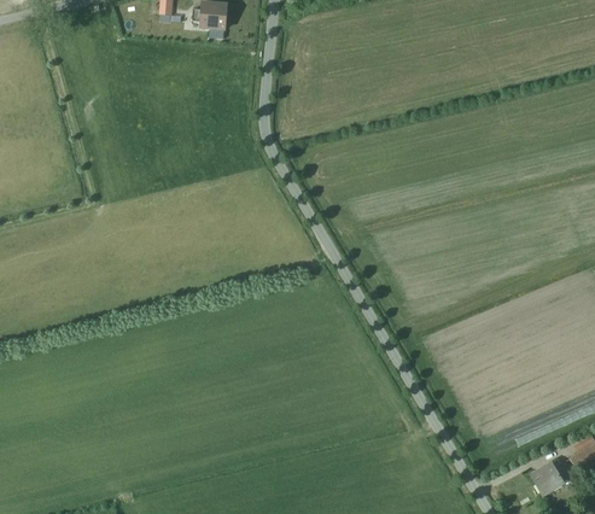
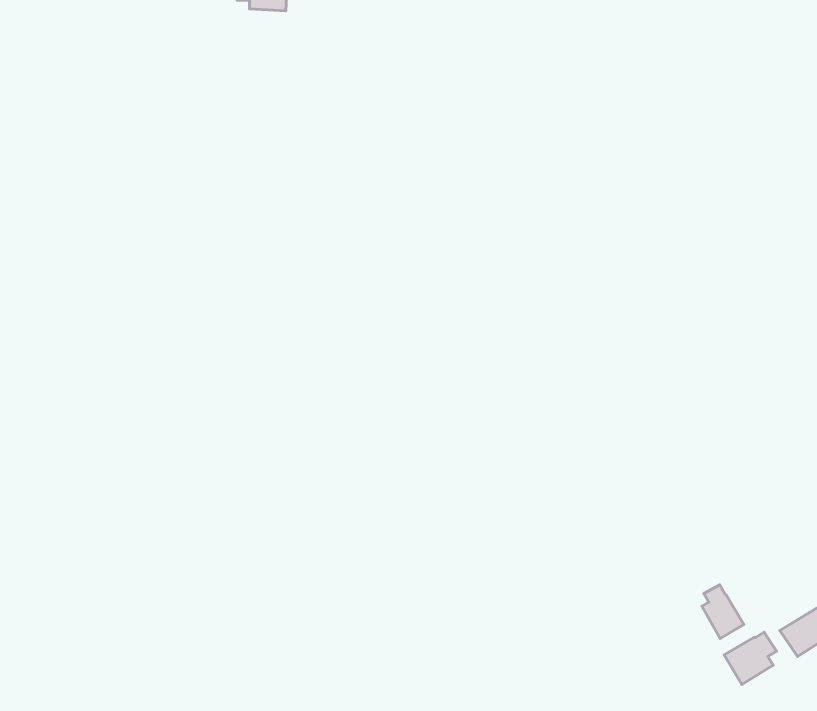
building: none -> [702,585,744,638]

